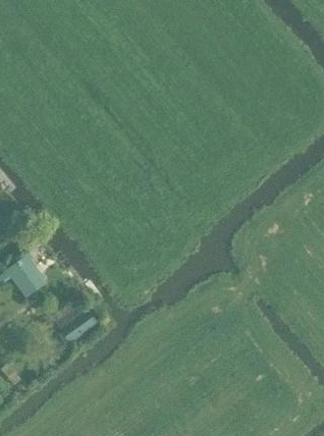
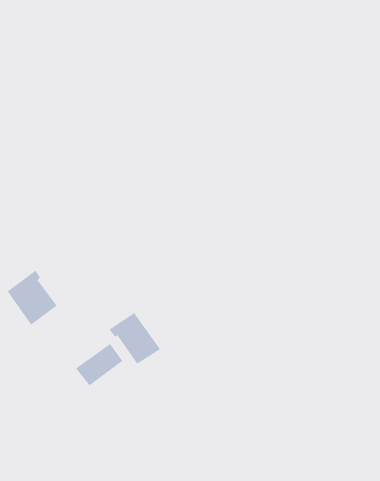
building: none -> [109,312,161,365]

